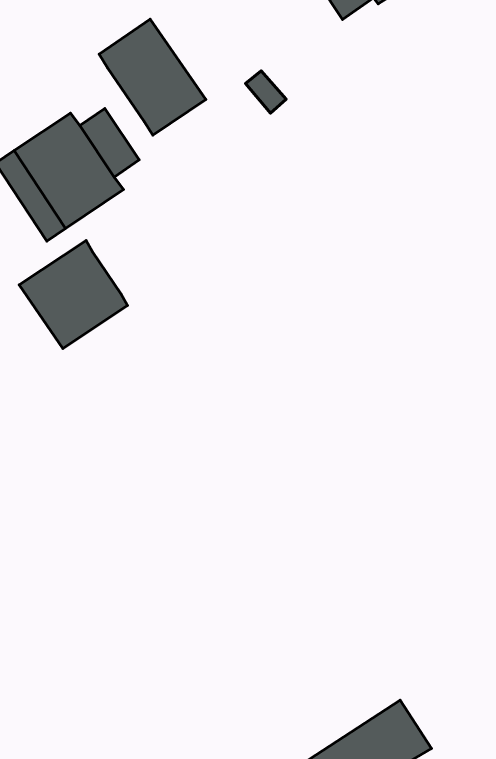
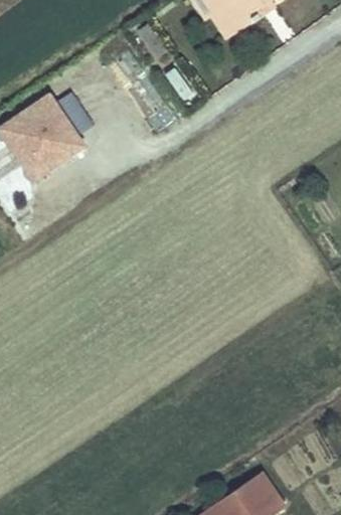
building: [99,19,206,135] -> none
building: [19,241,128,349] -> none

